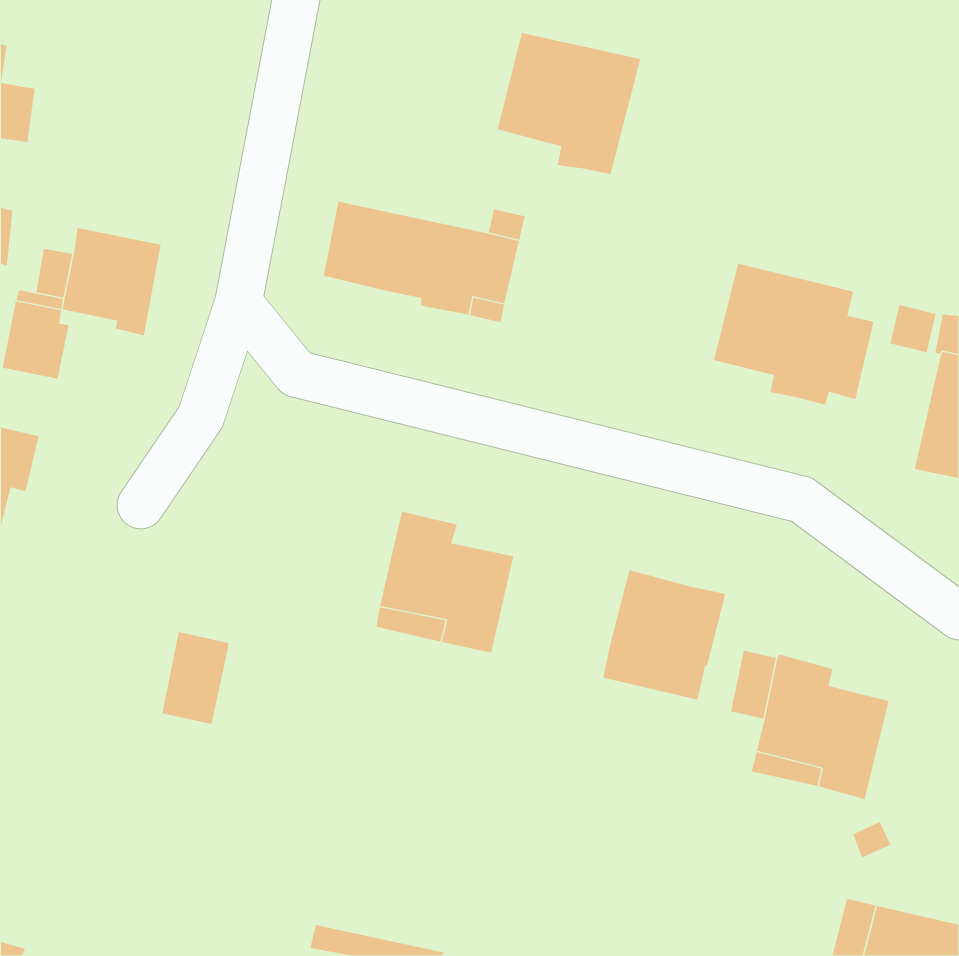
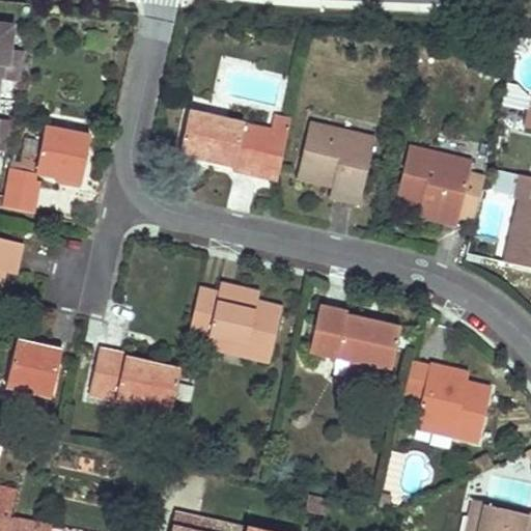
building: [497,32,641,175] -> [296,122,375,201]
building: none -> [190,286,220,331]
building: none -> [310,305,347,355]
building: none -> [5,339,62,396]
building: none -> [117,358,179,412]

